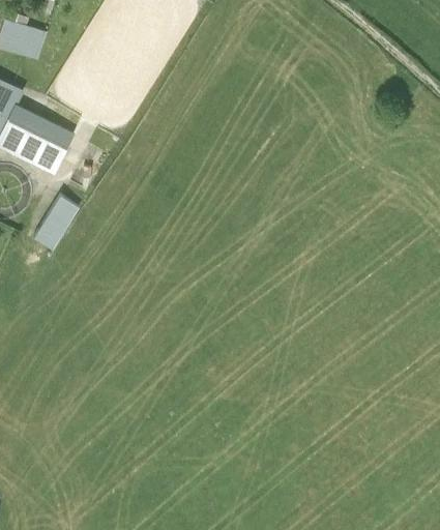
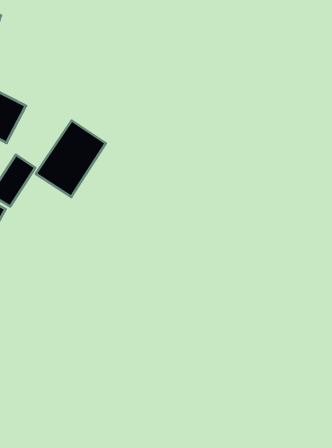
building: none -> [36,121,106,197]

